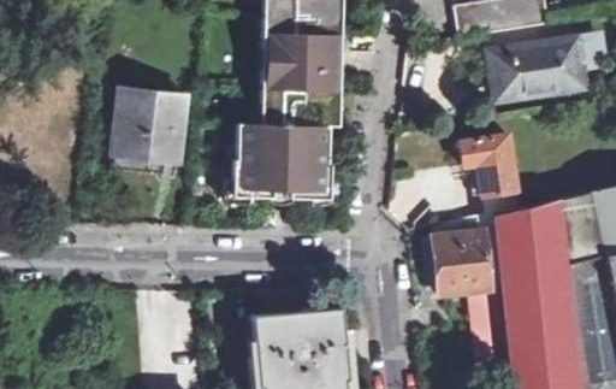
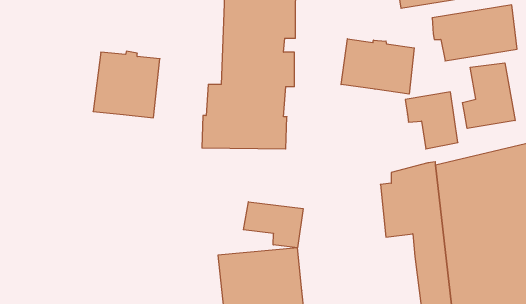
building: none -> [341,39,414,94]
building: none -> [462,63,515,128]
building: none -> [243,202,303,248]

